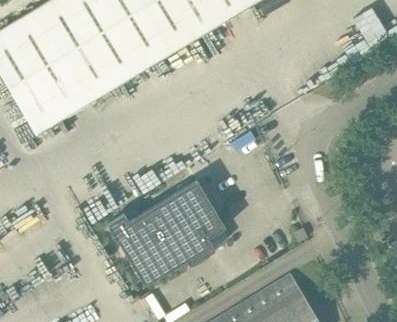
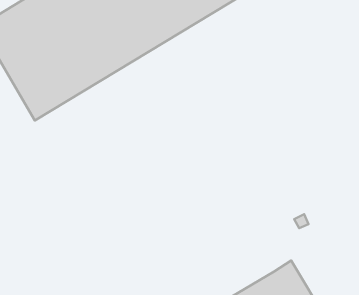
building: [107,180,226,285] -> none

